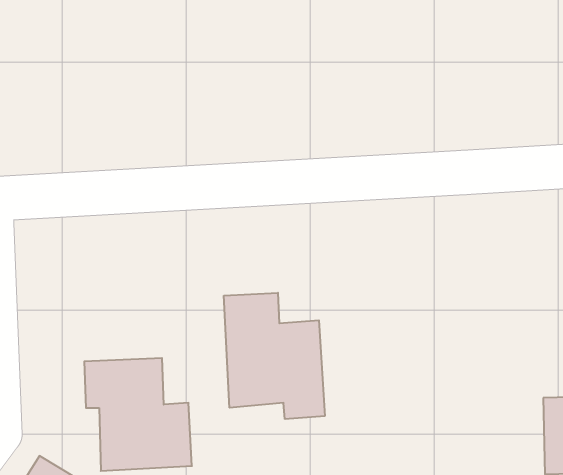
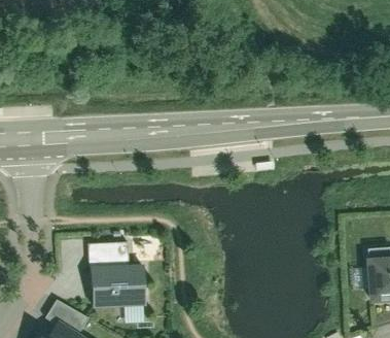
building: [224,293,325,419] -> none

